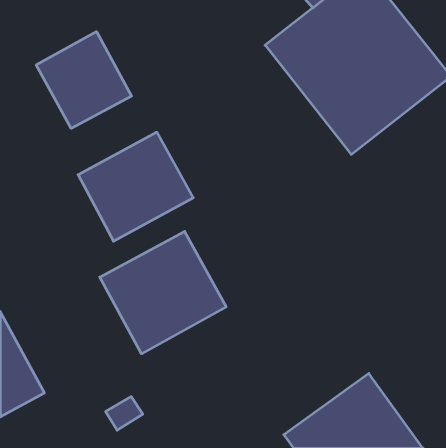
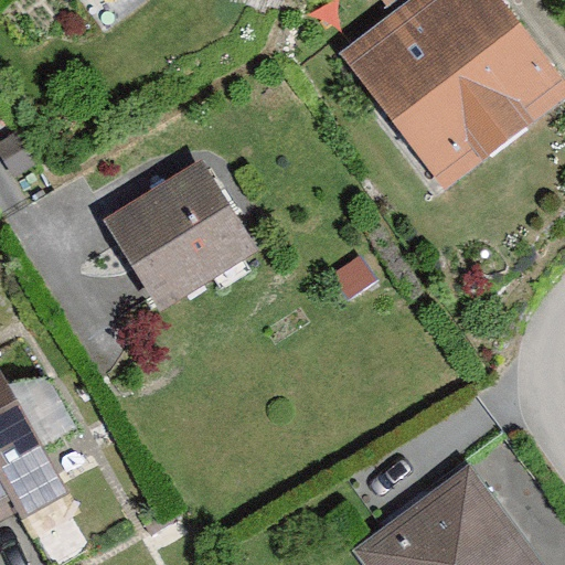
building: [36,32,132,128] -> none
building: [100,231,226,354] -> none

